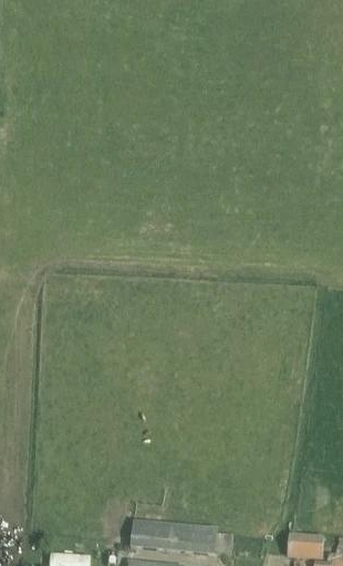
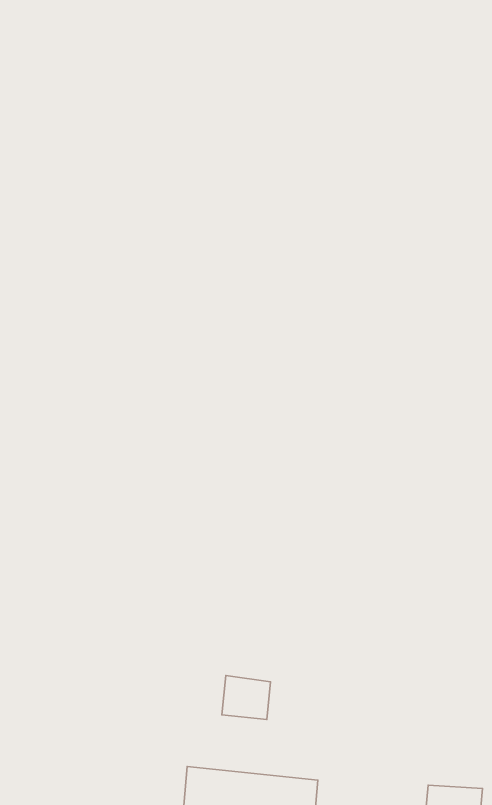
building: none -> [222,676,271,719]

